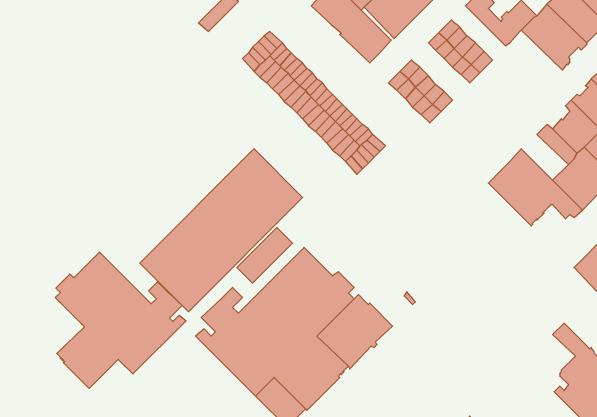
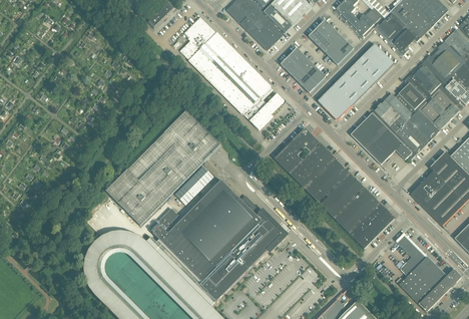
building: none -> [318,42,395,117]
building: none -> [374,99,407,131]
building: none -> [275,126,395,247]
building: [55,252,186,388] -> none

